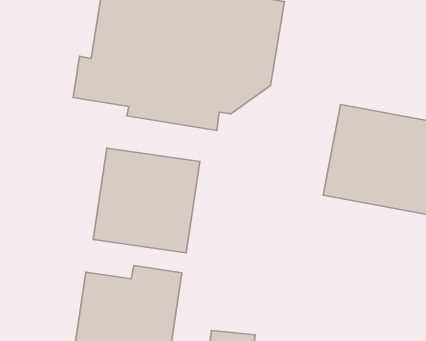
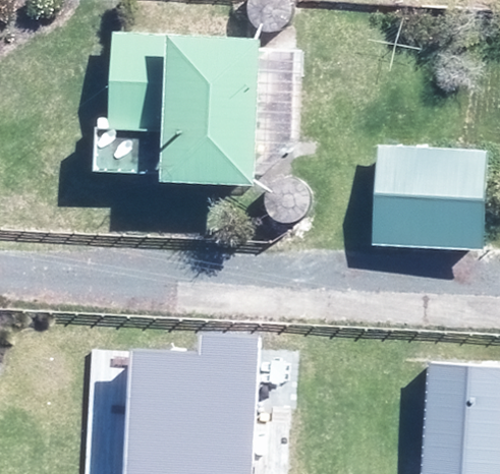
building: [93,148,200,253] -> none

